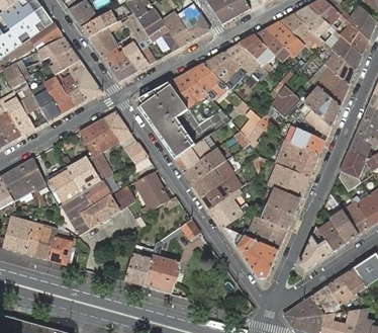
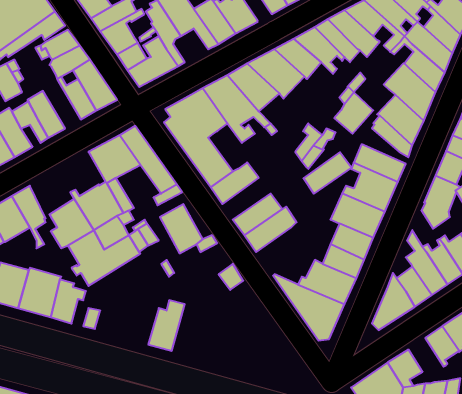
building: [43,71,73,112] -> none
building: [183,151,220,183] -> [303,152,352,194]
building: [209,189,249,227] -> none
building: [144,241,180,293] -> none
building: [327,275,355,304] -> none

